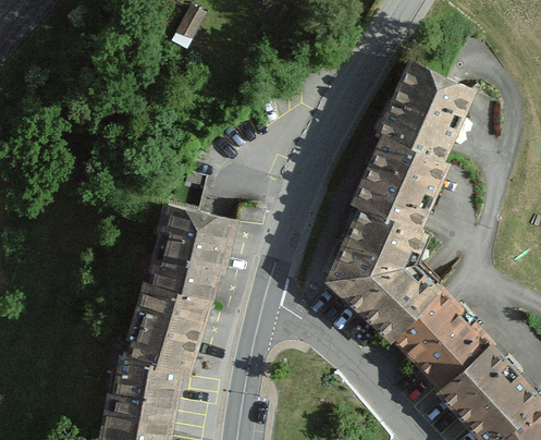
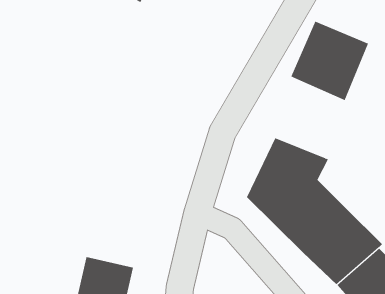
building: [352,133,453,233] -> none
building: [124,207,232,372] -> none

